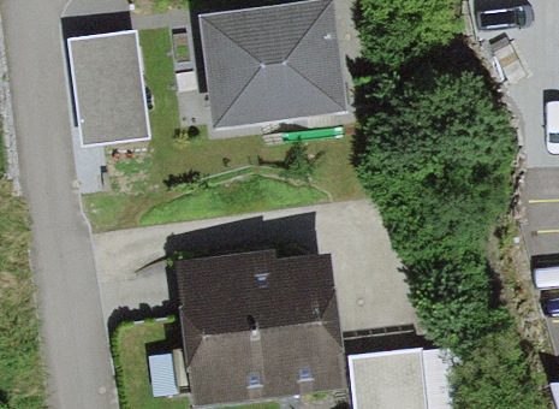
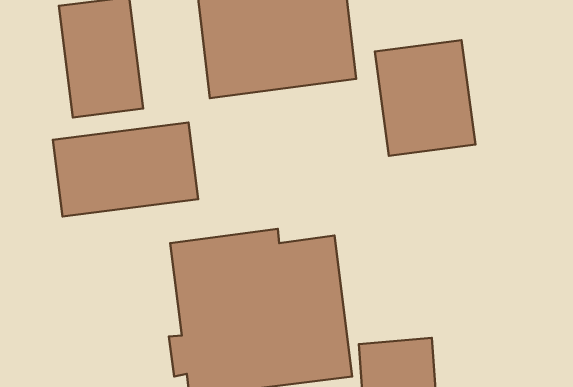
building: none -> [375,40,475,156]
building: none -> [53,123,198,216]

